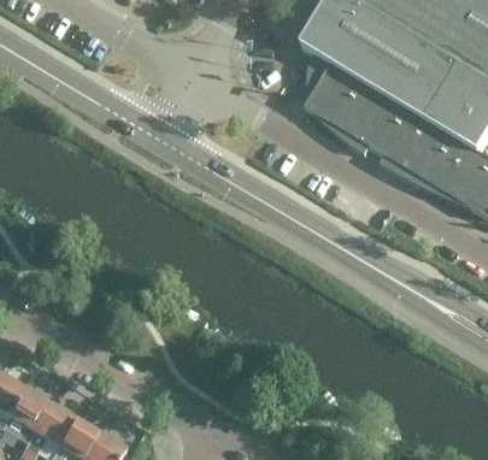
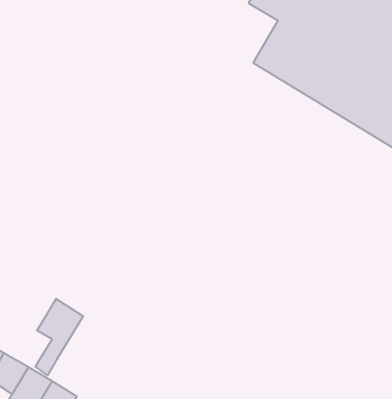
building: none -> [35,299,83,375]

